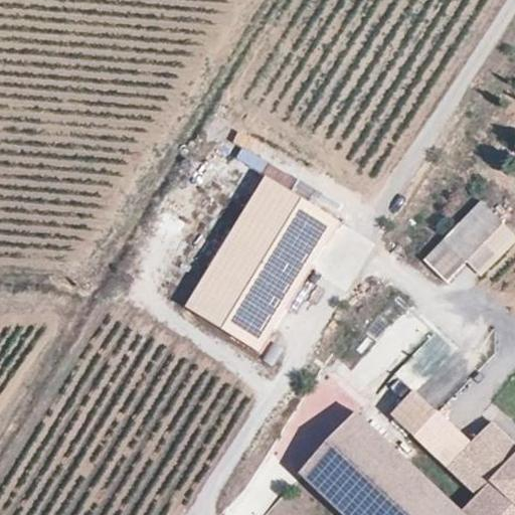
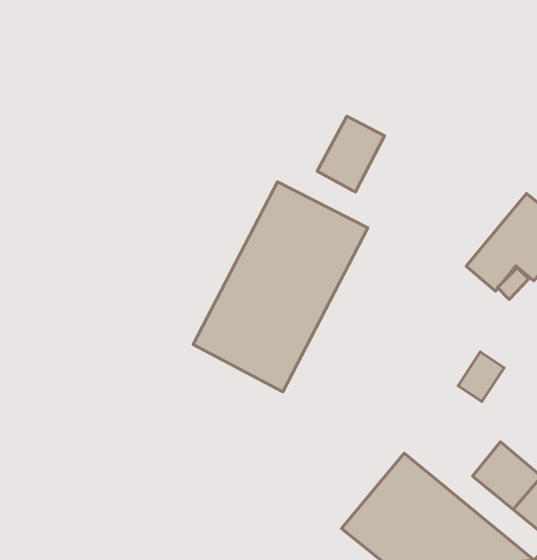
building: none -> [317,116,385,192]
building: [390,388,437,436] -> none

